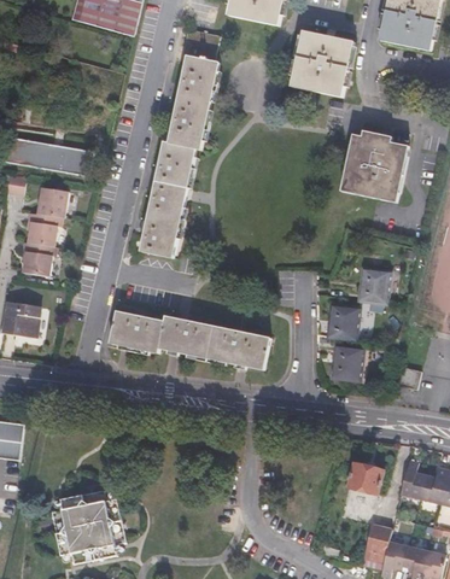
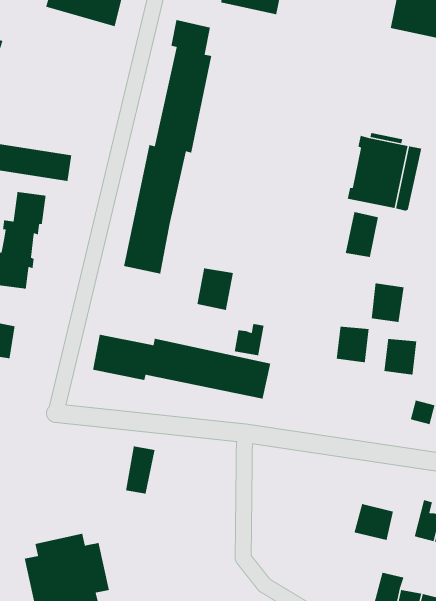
building: [290,28,353,96] -> none
building: none -> [345,211,379,258]
building: none -> [197,267,234,311]
building: none -> [234,323,264,356]
building: [333,345,363,379] -> [384,338,417,376]
building: none -> [125,445,155,495]

